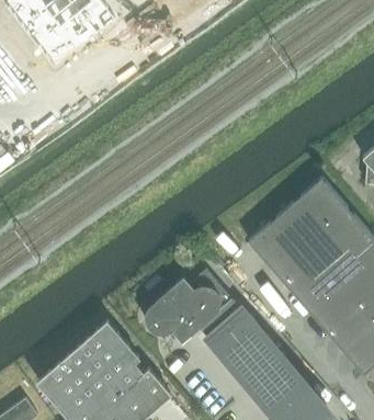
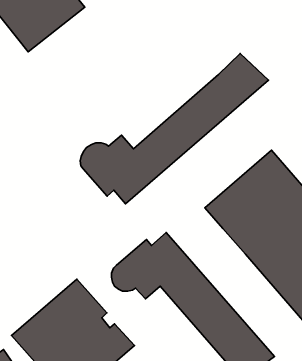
building: none -> [80,54,268,204]

